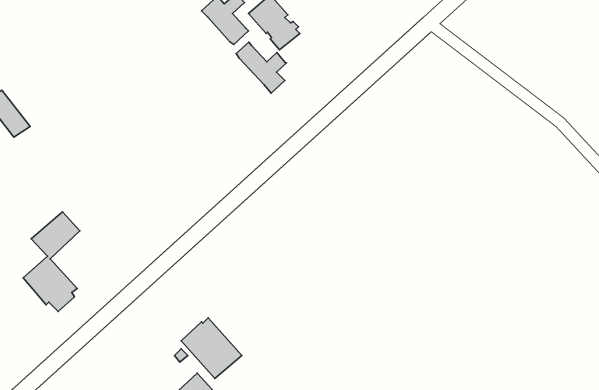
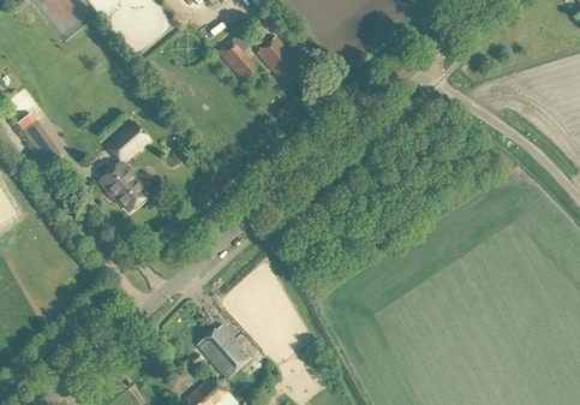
building: [236,42,286,93] -> none
building: [23,212,80,311] -> [100,121,150,210]

